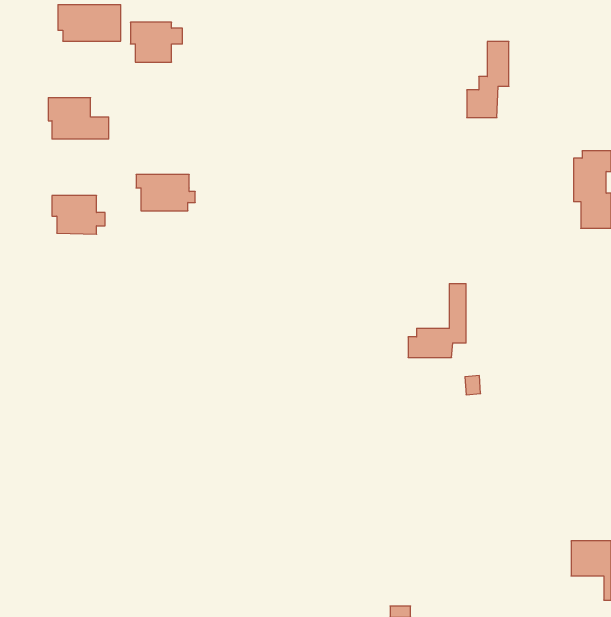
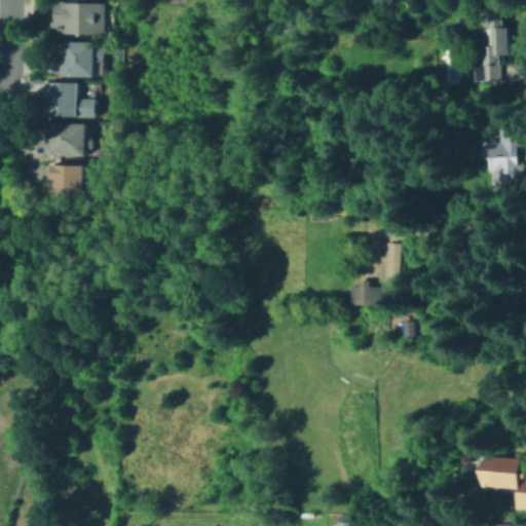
building: [130,22,182,62] -> [55,44,100,78]
building: [467,42,509,118] -> [475,17,511,82]
building: [136,175,195,211] -> [41,125,91,156]

